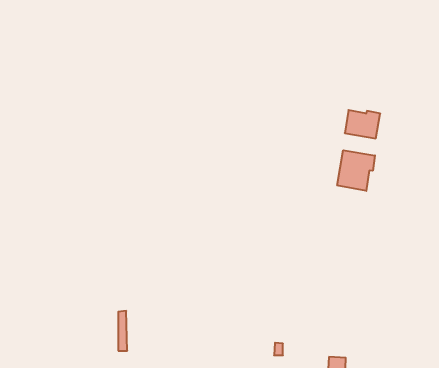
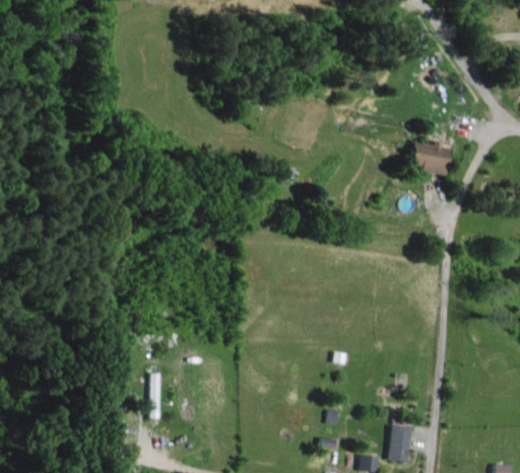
building: [337,150,375,191] -> none

